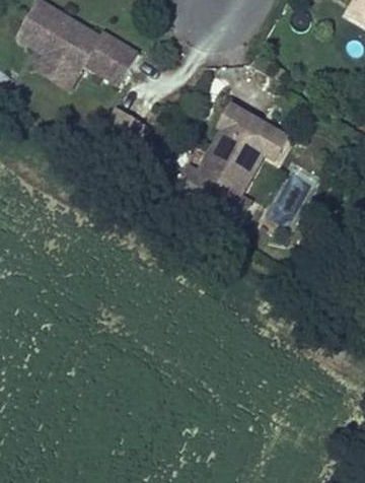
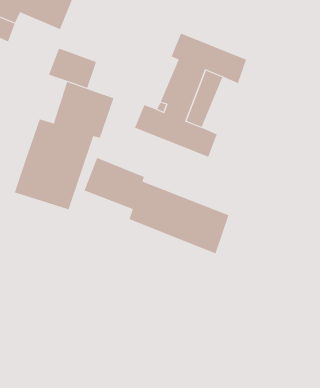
building: none -> [14,81,114,210]
building: none -> [84,157,229,254]

